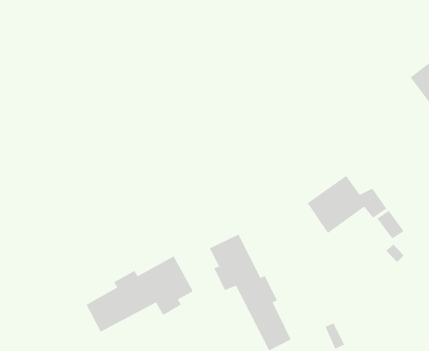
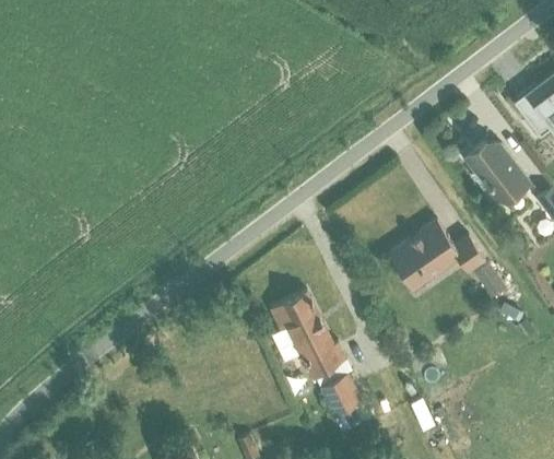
building: none -> [463,142,532,203]
building: [86,255,194,332] -> none

